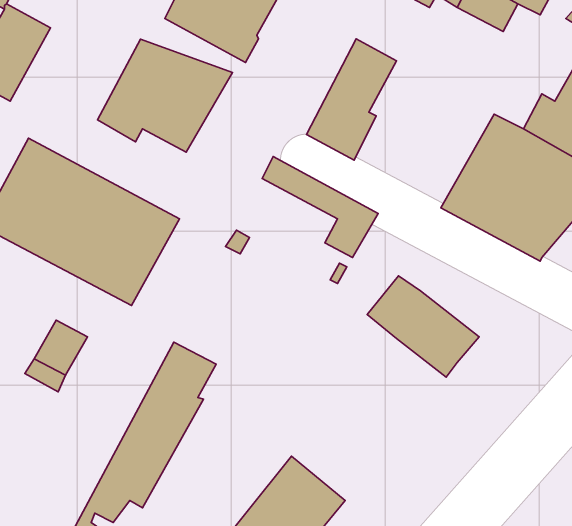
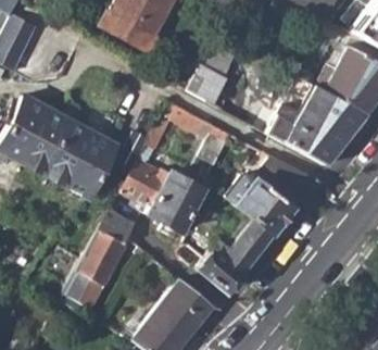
building: [97,39,232,152] -> none
building: none -> [255,160,313,210]
building: none -> [121,161,201,229]
building: none -> [198,211,270,290]

